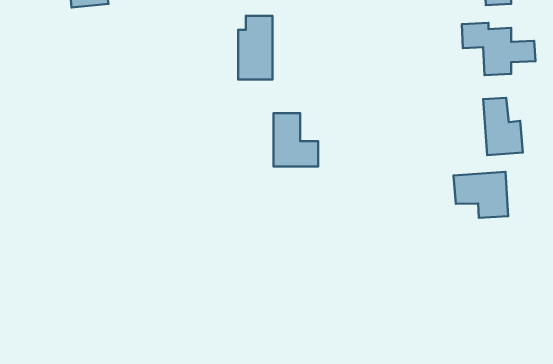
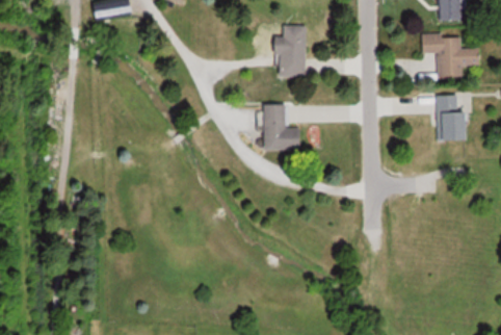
building: [238,16,273,79] -> [278,26,306,78]
building: [454,172,508,218] -> none

